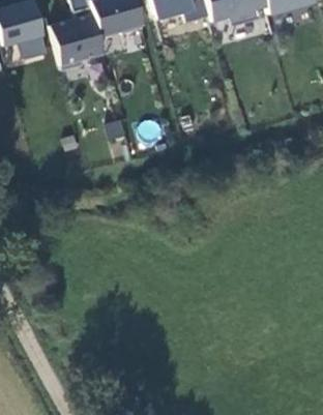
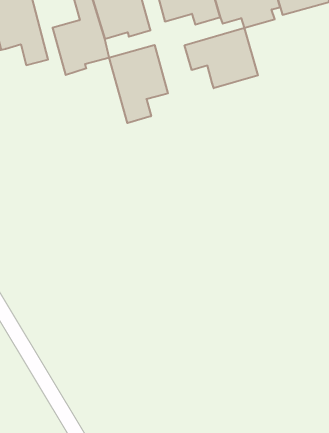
building: none -> [185,28,258,88]
building: none -> [109,45,168,123]

